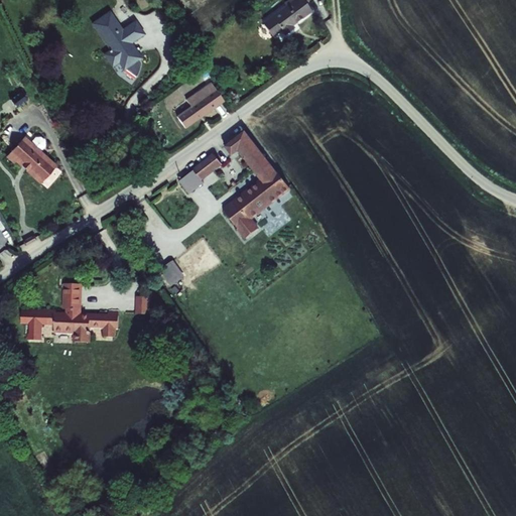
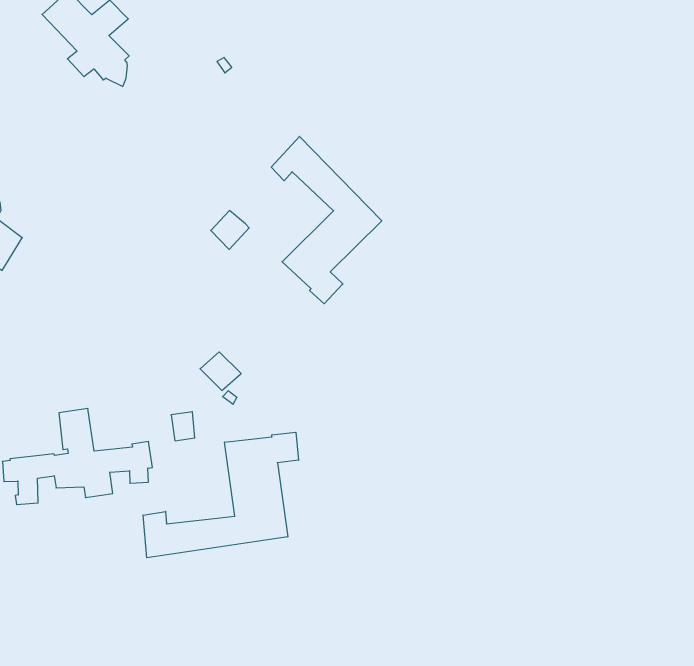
building: [175,83,224,129] -> none
building: [192,151,222,178] -> none
building: none -> [143,432,299,558]

